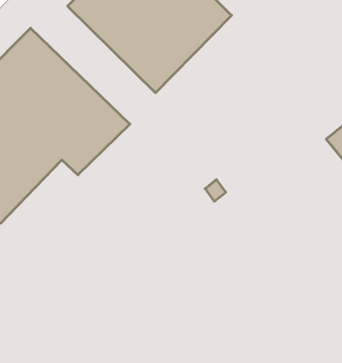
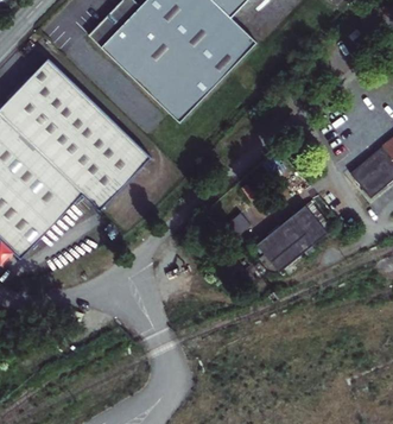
building: none -> [259,201,328,267]

